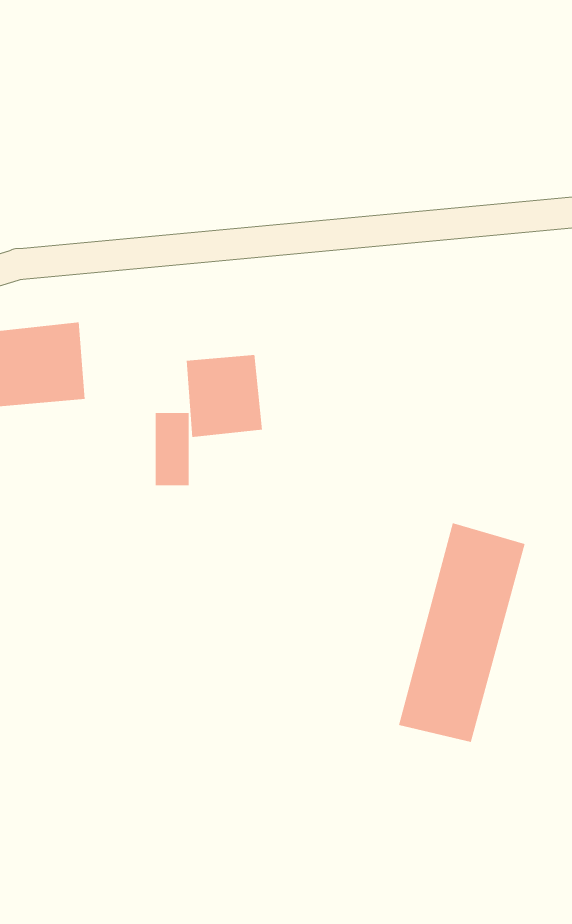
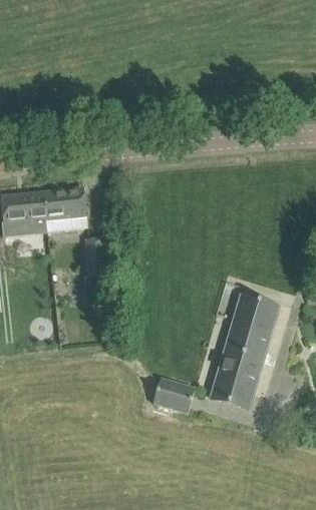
building: [186,355,263,438] -> [46,186,86,229]
building: none -> [149,378,193,413]

